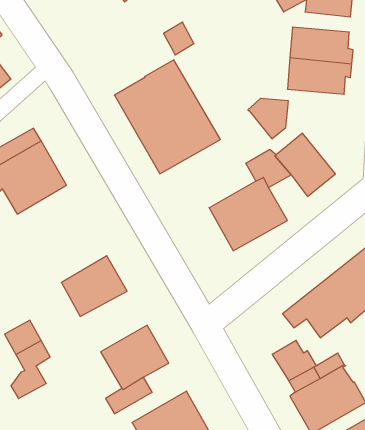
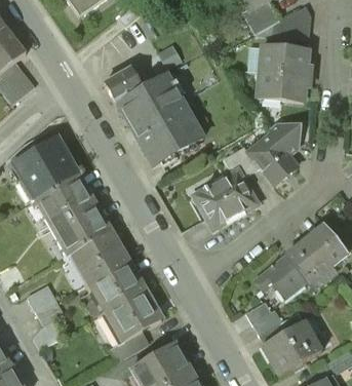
building: none -> [106,68,142,102]
building: [248,98,288,139] -> [269,122,302,155]
building: none -> [35,175,111,257]
building: none -> [89,261,144,310]

